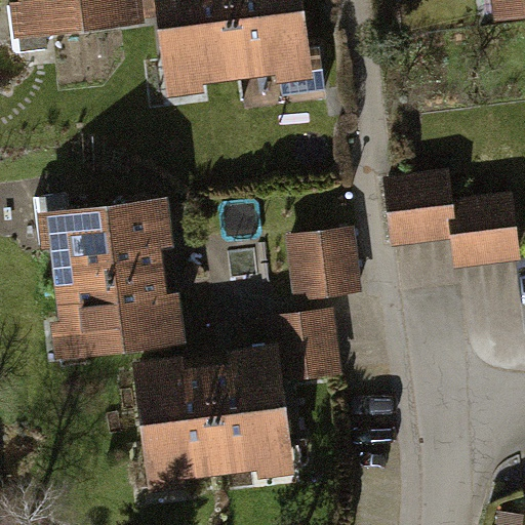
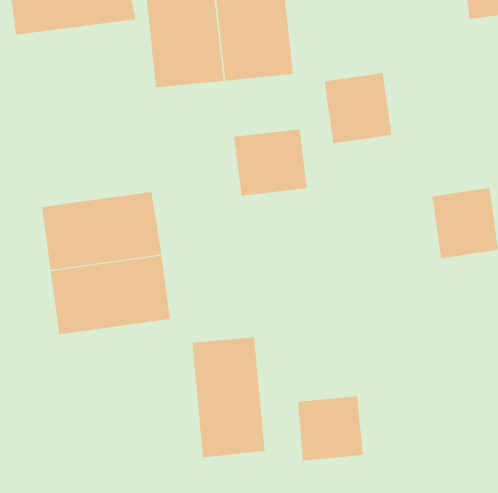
building: [386,175,457,250] -> [324,73,392,144]
building: [289,229,367,299] -> [233,129,307,196]
building: [271,313,340,381] -> [297,396,364,461]
building: [133,360,213,487] -> none

